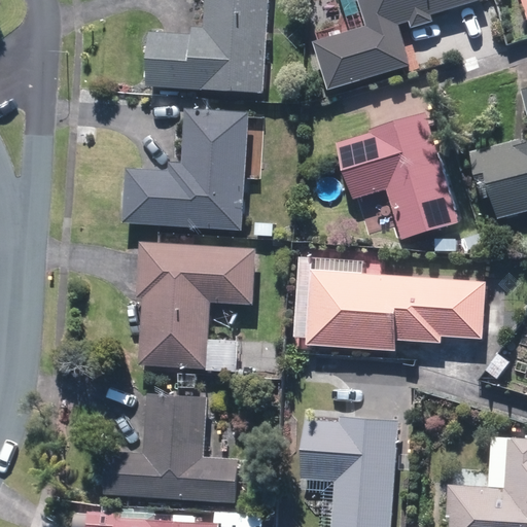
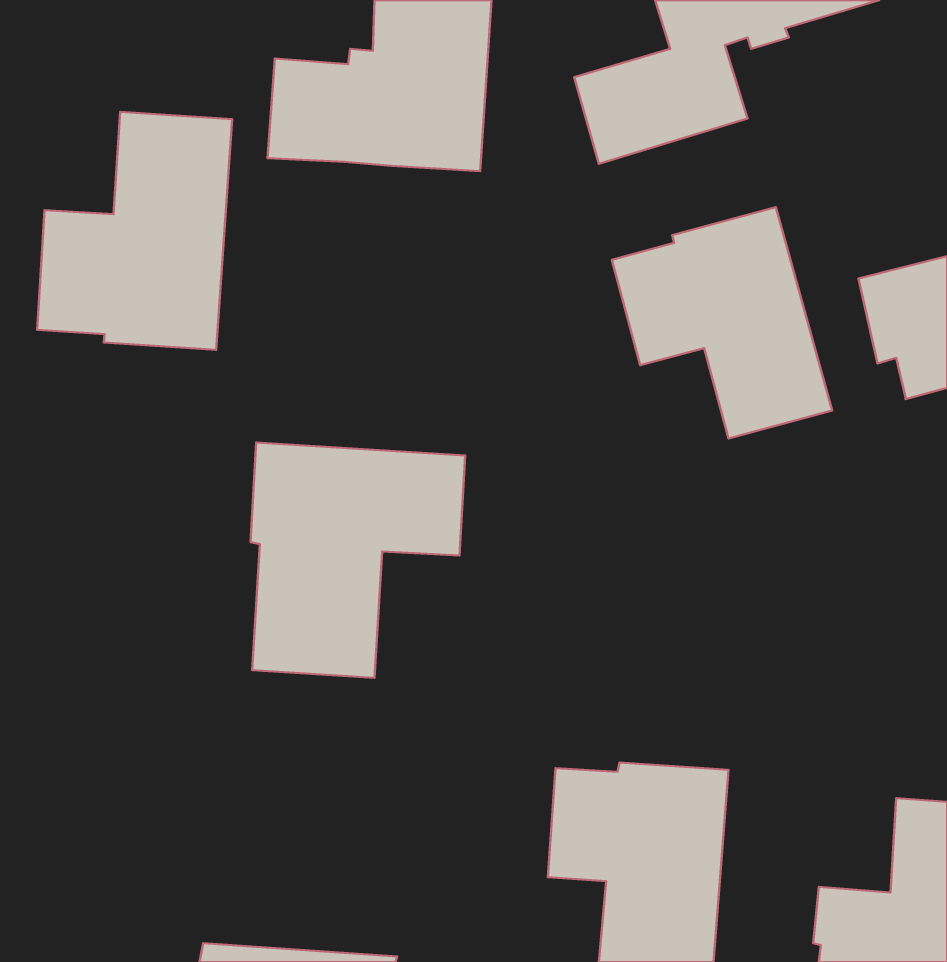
building: none -> [37,112,232,350]
building: [122,109,248,231] -> none
building: [305,270,485,351] -> none
building: [102,392,240,503] -> none

